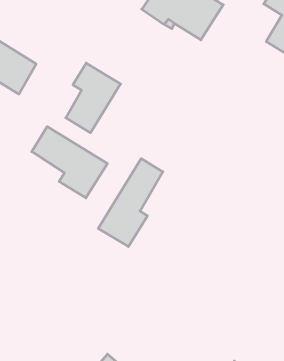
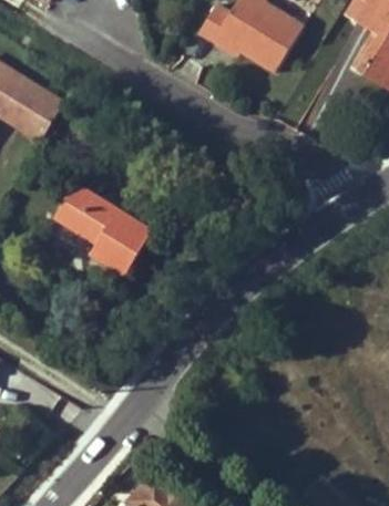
building: [66,63,121,133] -> none
building: [98,159,163,247] -> none

